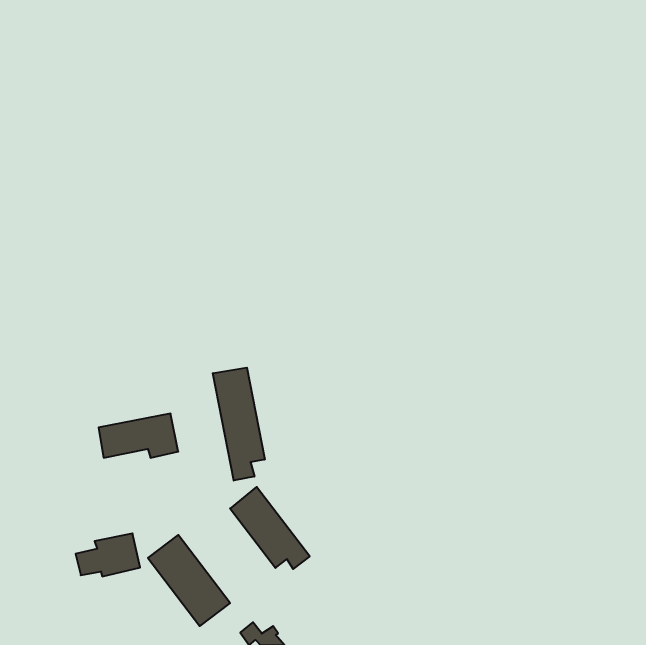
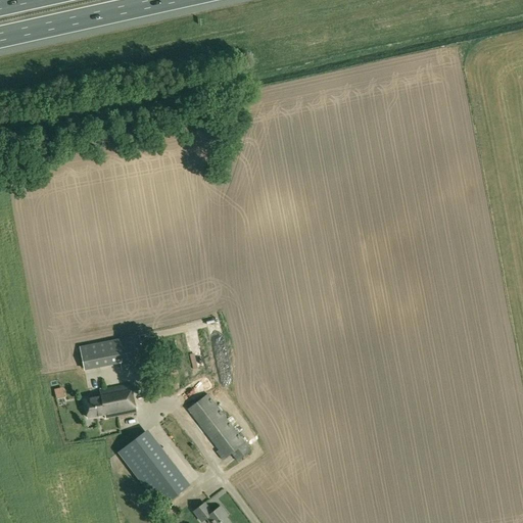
building: [213,368,265,481] -> none
building: [76,533,140,576] -> [84,383,136,418]

